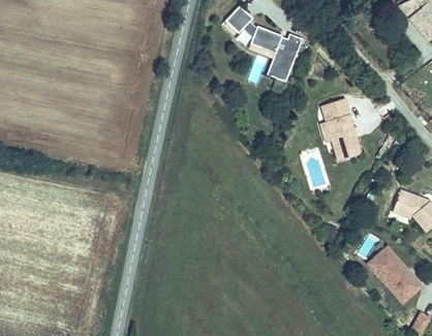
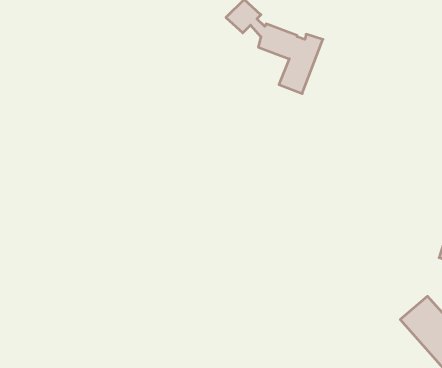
building: [322,99,360,161] -> none

